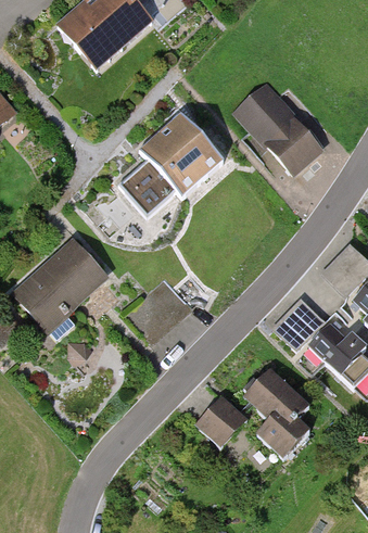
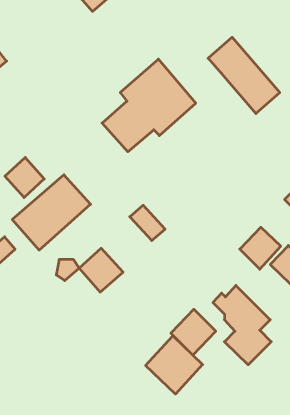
building: none -> [5,157,44,198]
building: [125,290,175,340] -> [79,248,123,292]
building: none -> [146,336,203,394]

